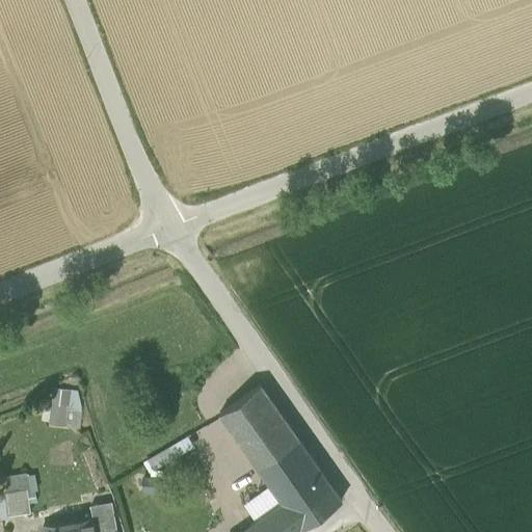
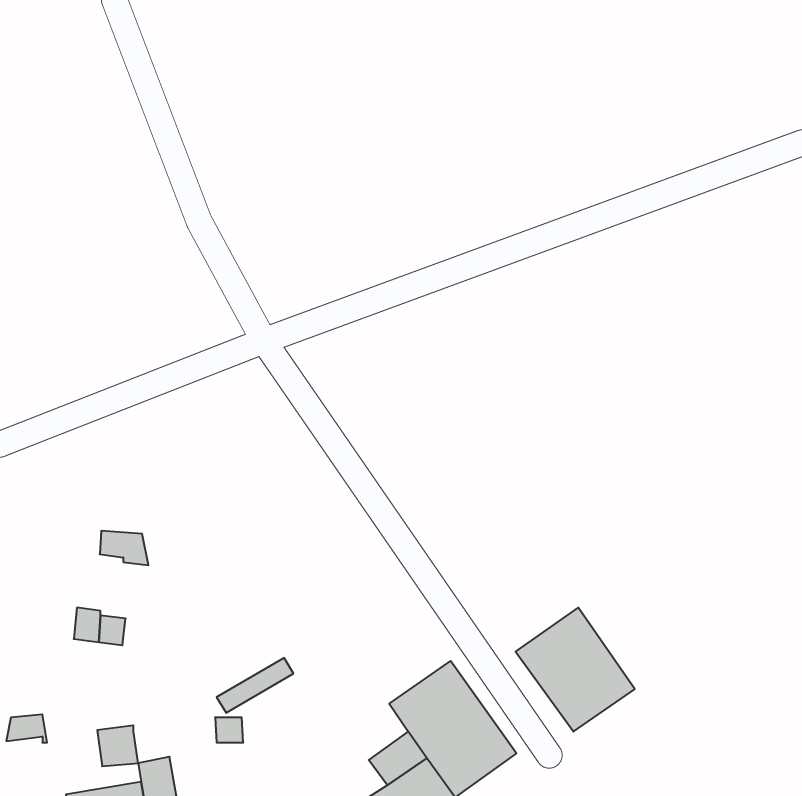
building: [219,388,298,470] -> [516,608,635,732]
building: [51,391,83,414] -> [100,531,148,565]
building: [4,491,31,518] -> [97,725,138,766]

